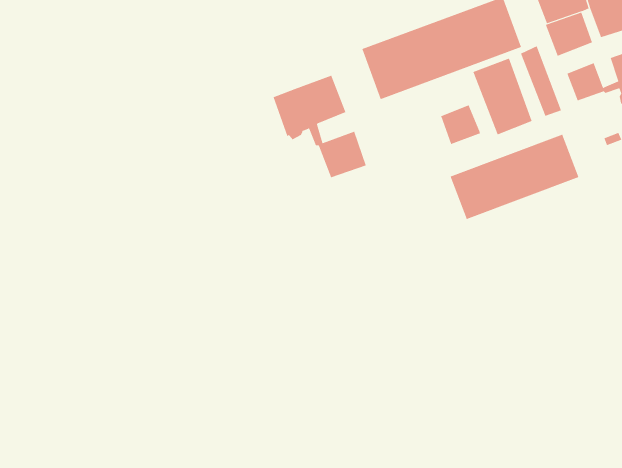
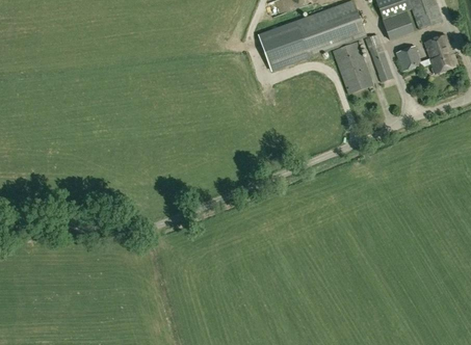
building: [273,75,367,178] -> none
building: [440,105,481,145] -> none
building: [450,134,579,220] -> none

